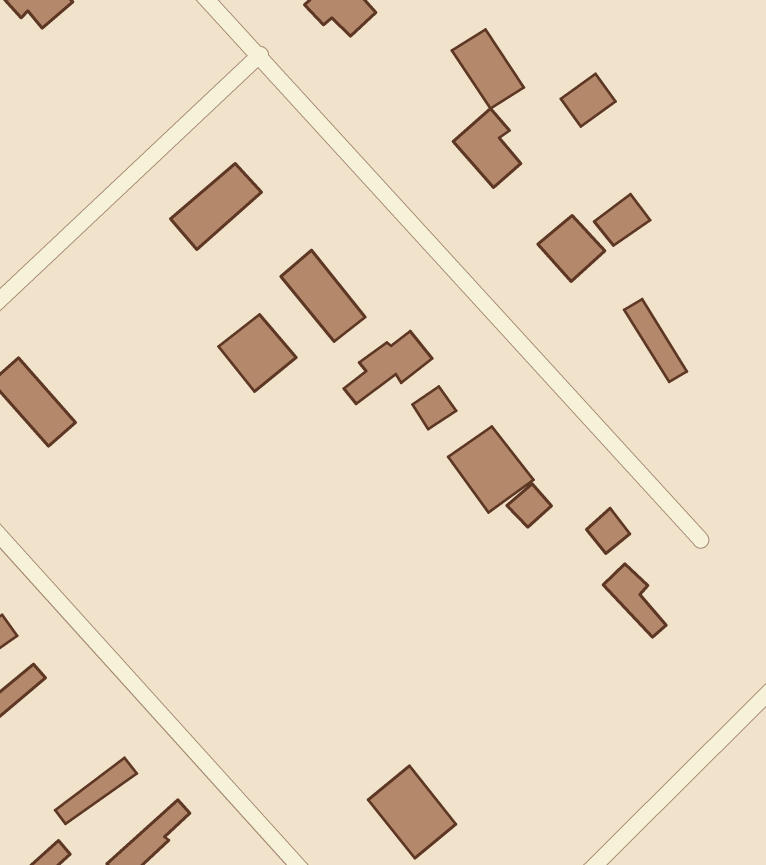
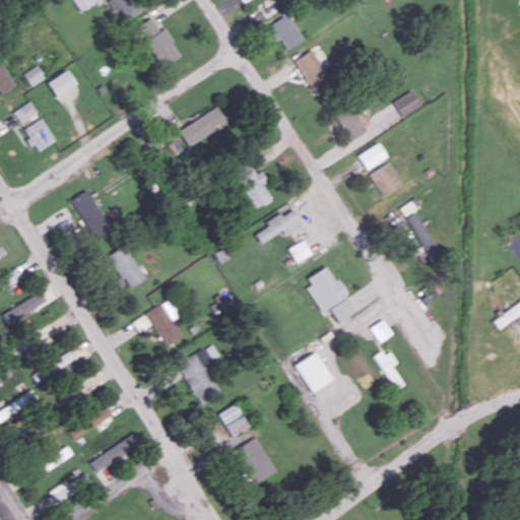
building: none -> [137,17,181,67]
building: [452,30,524,108] -> [297,50,331,91]
building: [594,194,650,246] -> [358,143,387,169]
building: [218,315,296,392] -> none
building: none -> [109,246,144,288]
building: none -> [145,300,184,347]
building: none -> [294,351,332,392]
building: none -> [177,348,221,405]
building: none -> [218,403,250,438]

